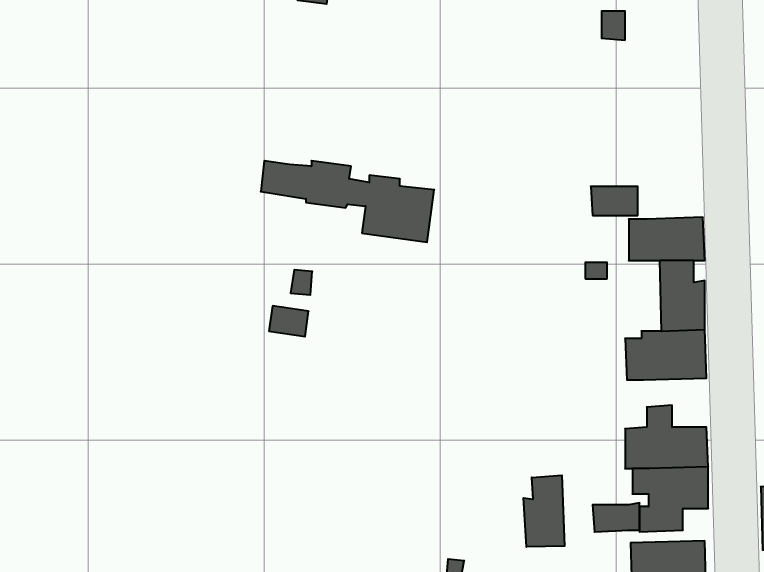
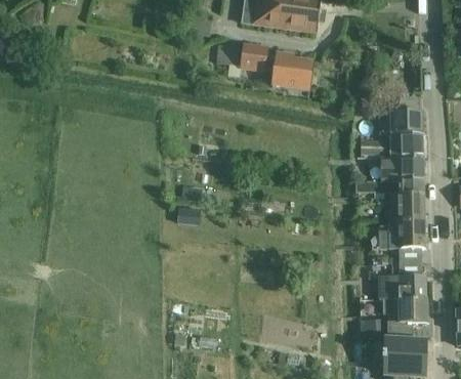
building: none -> [390,110,423,156]
building: [261,161,434,242] -> [215,43,313,89]
building: [523,475,565,547] -> none

